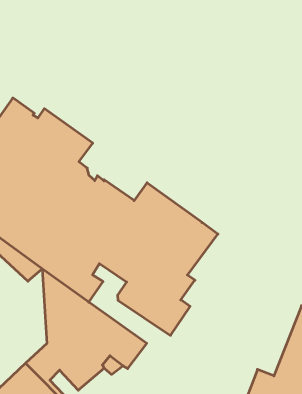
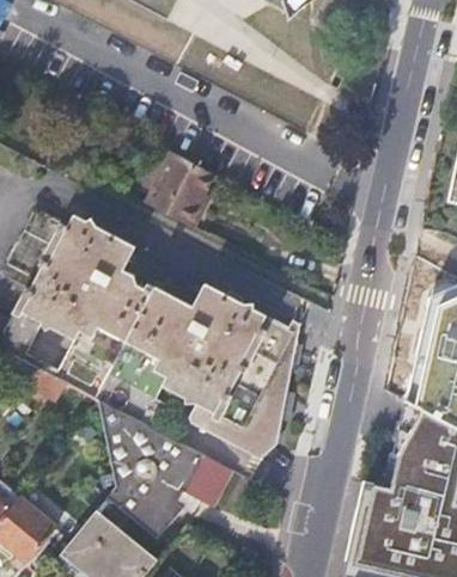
building: none -> [144,152,214,228]

